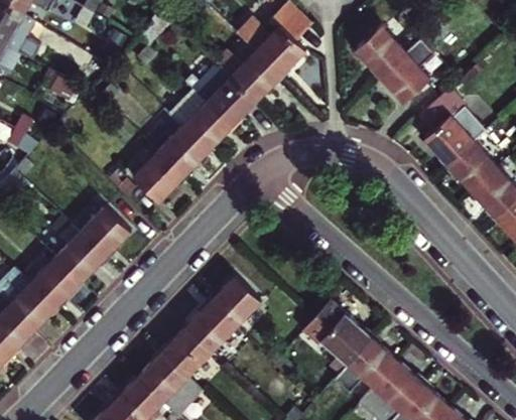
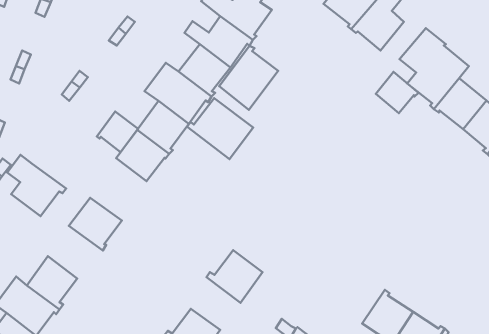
building: none -> [219,46,278,110]
building: none -> [97,111,138,152]
building: none -> [376,72,418,113]
building: none -> [187,98,253,159]
building: [55,222,110,283] -> [7,155,66,216]
building: [186,299,235,352] -> none
building: [306,300,375,365] -> none

